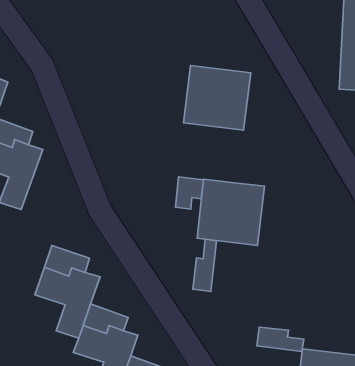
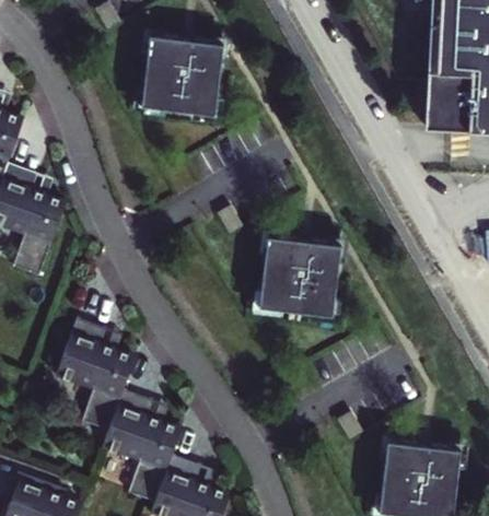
building: [183,65,251,130] -> [137,35,219,114]
building: [175,177,203,209] -> none
building: [193,239,216,292] -> none
building: [257,327,304,351] -> none

